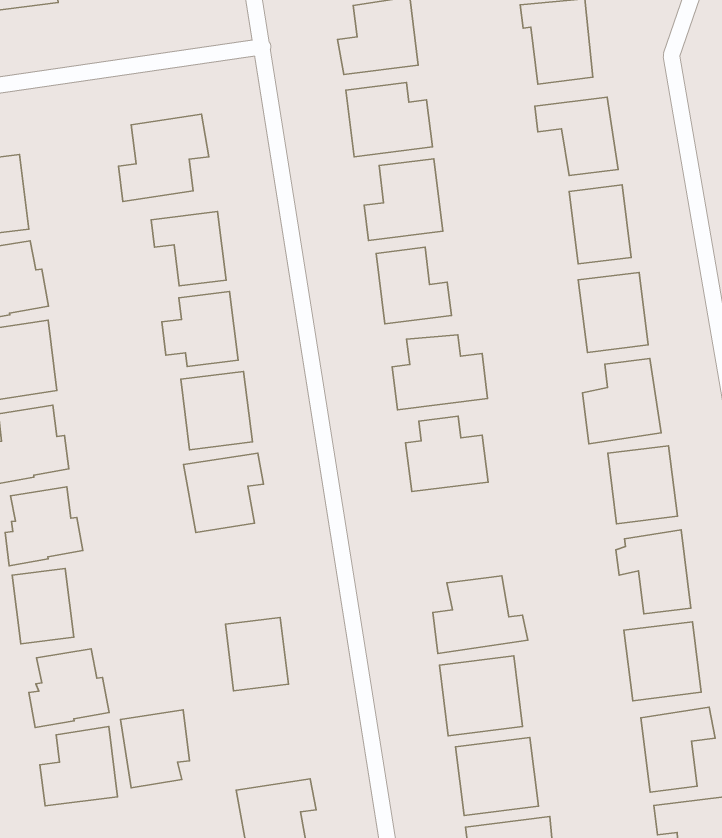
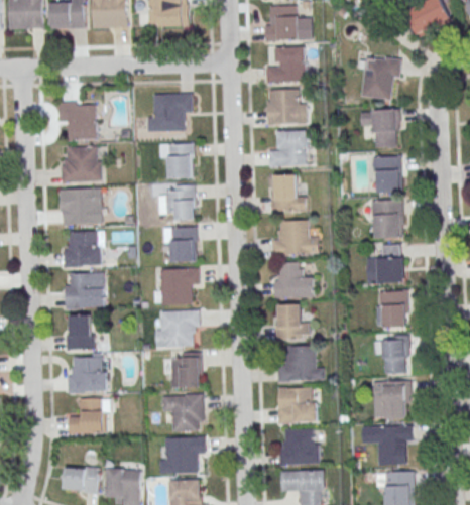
building: none -> [276,304,305,339]
building: none -> [161,310,201,347]
building: [121,710,189,788] -> [171,395,204,431]

